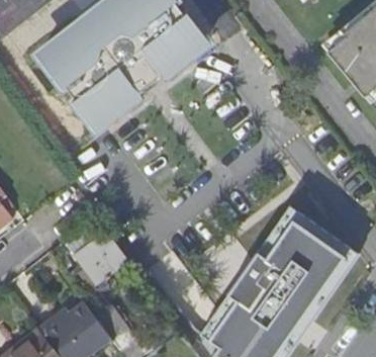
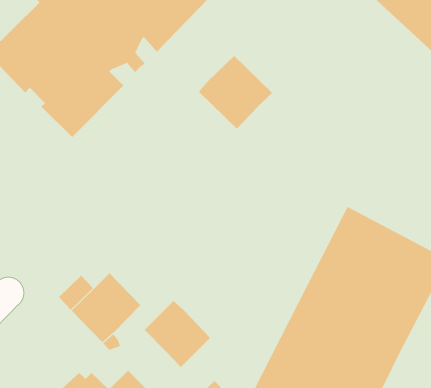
building: none -> [198,55,273,129]
building: none -> [144,300,211,368]

